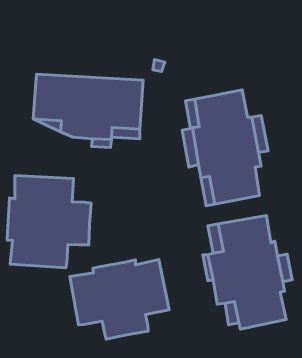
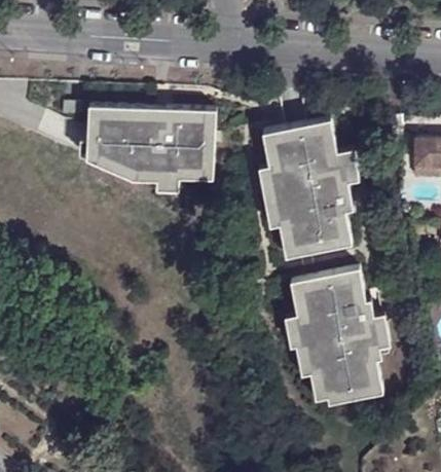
building: [7,176,91,268] -> none
building: [70,259,169,339] -> none

